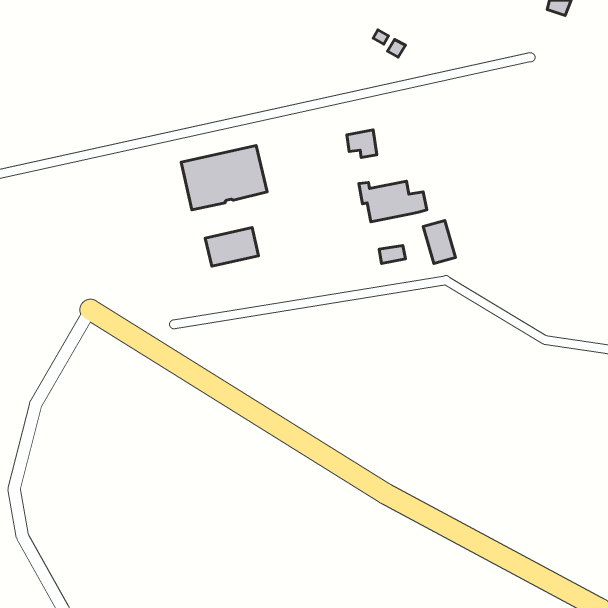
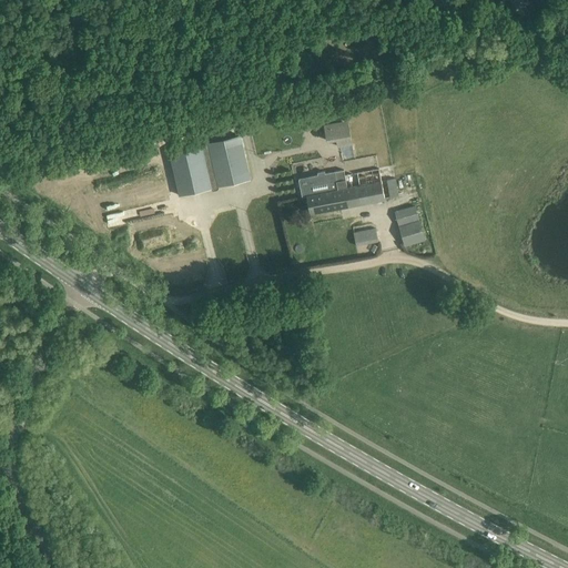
building: none -> [300,172,345,214]
building: [205,228,259,266] -> none

